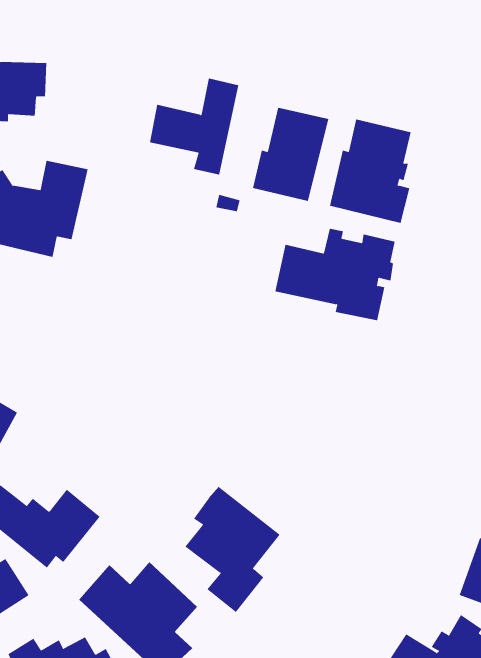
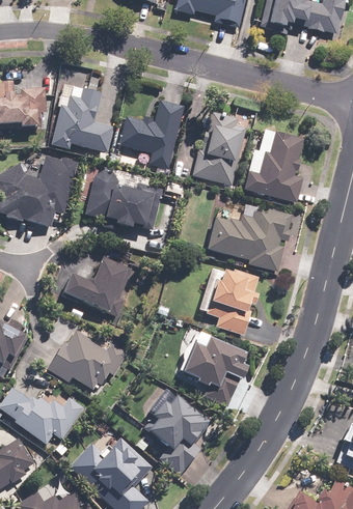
building: none -> [51,83,114,151]
building: none -> [86,170,162,225]
building: none -> [63,257,128,312]
building: none -> [197,266,259,335]
building: none -> [47,330,127,392]
building: none -> [184,335,250,406]

